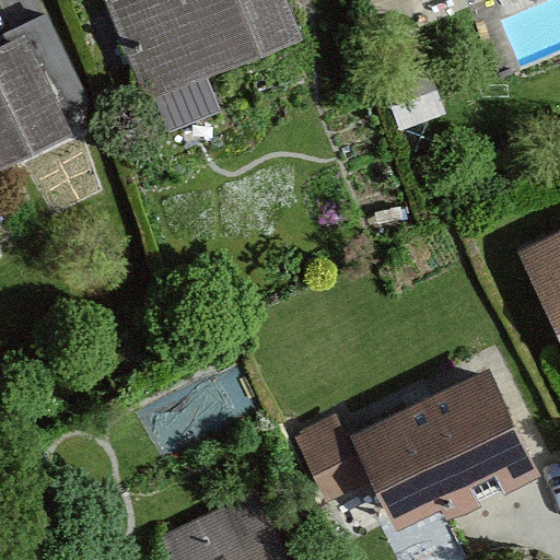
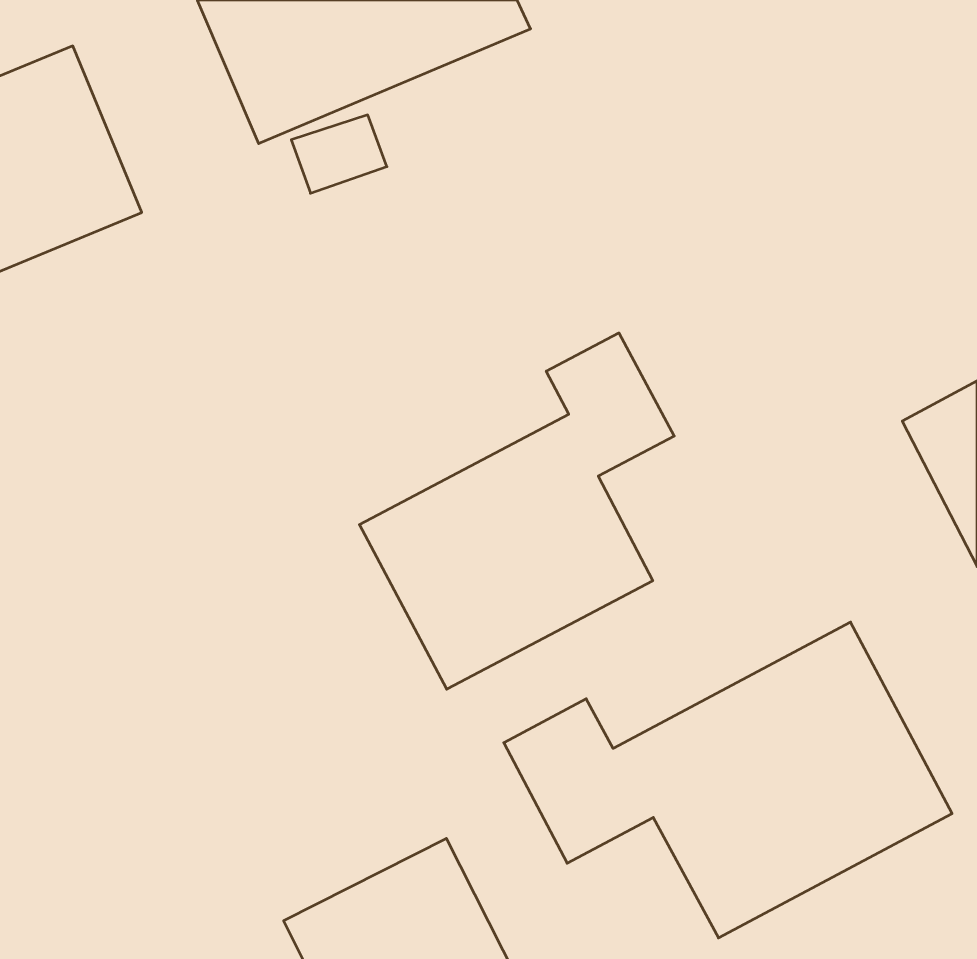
building: none -> [359,333,674,689]

